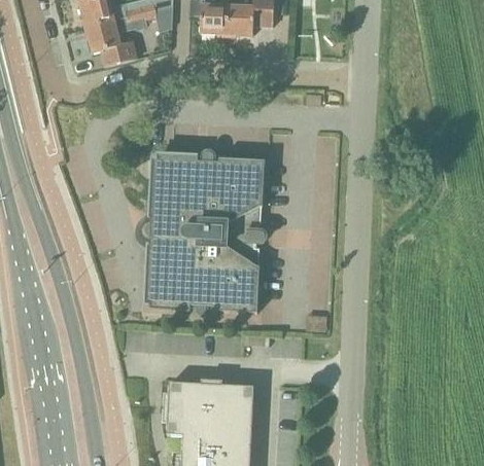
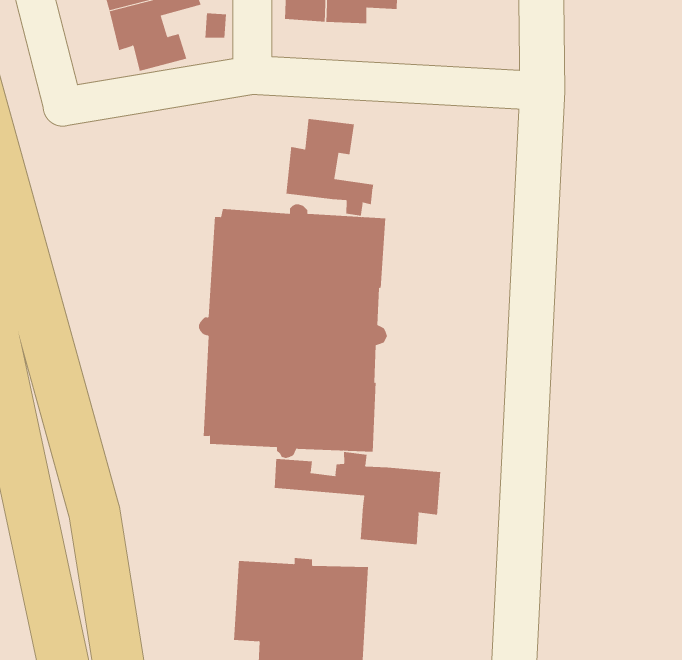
building: none -> [286,118,374,217]
building: none -> [274,451,441,545]

